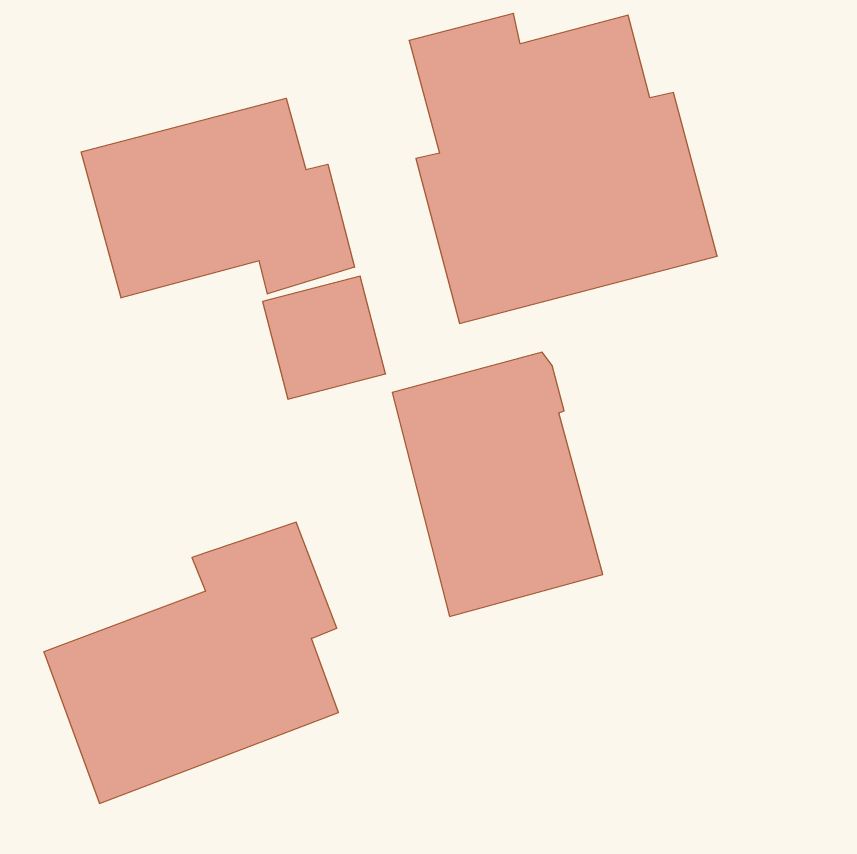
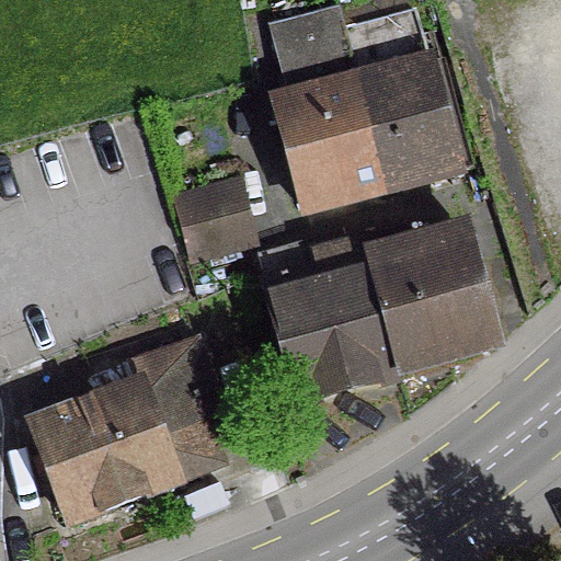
building: [81,98,355,298] -> none
building: none -> [362,226,496,374]

